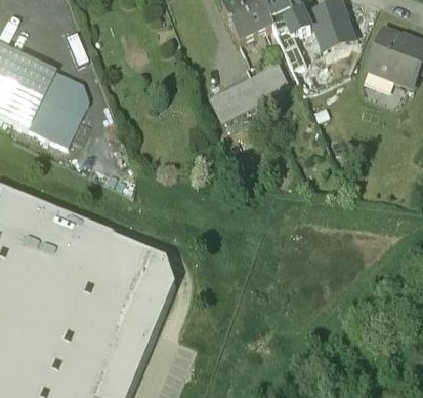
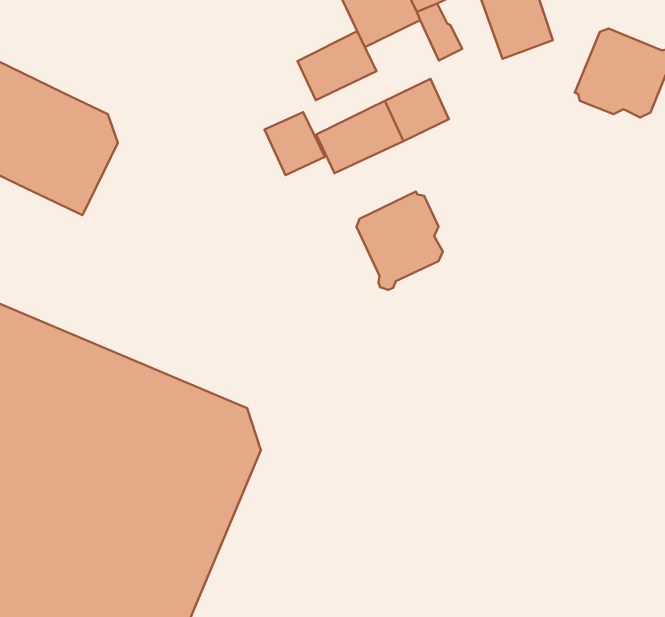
building: none -> [297,31,377,100]
building: none -> [265,112,325,175]
building: none -> [357,192,443,290]

